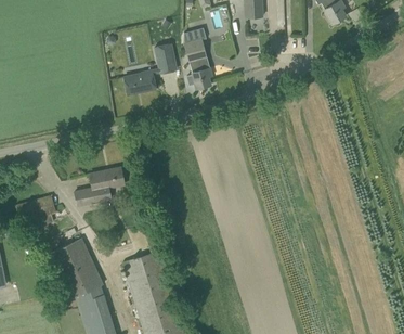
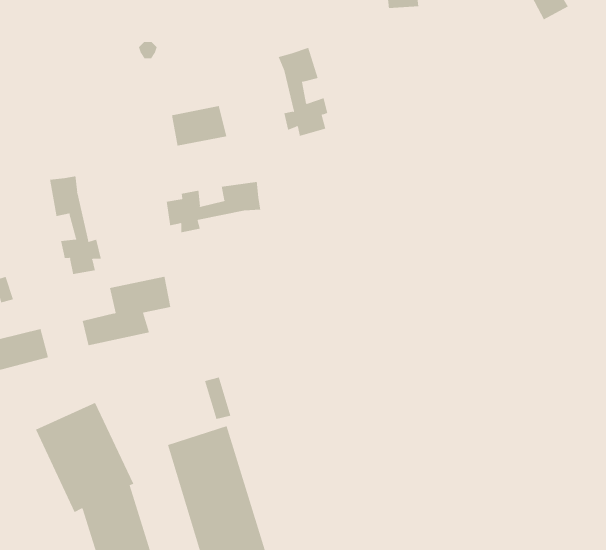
building: [155,42,177,73] -> none
building: none -> [49,176,101,275]
building: none -> [166,181,261,233]

